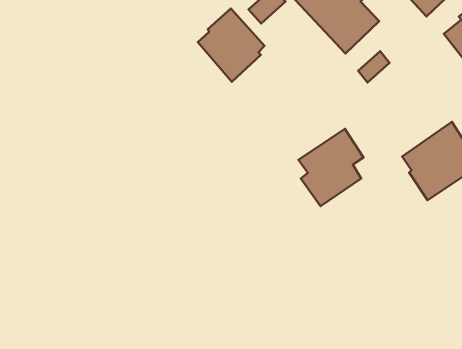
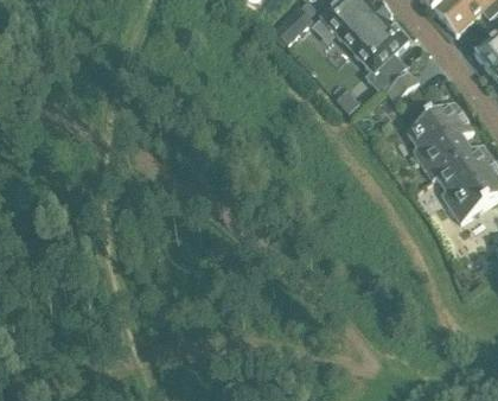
building: [198,8,265,82] -> none
building: [299,129,363,206] -> [407,100,473,179]

